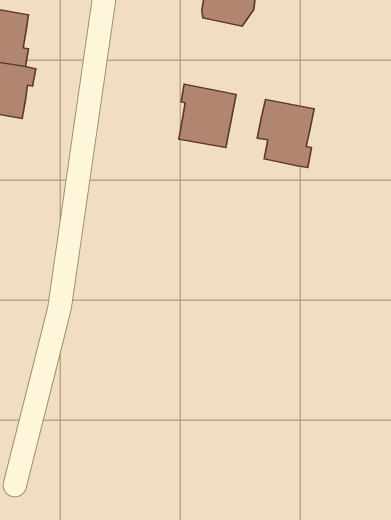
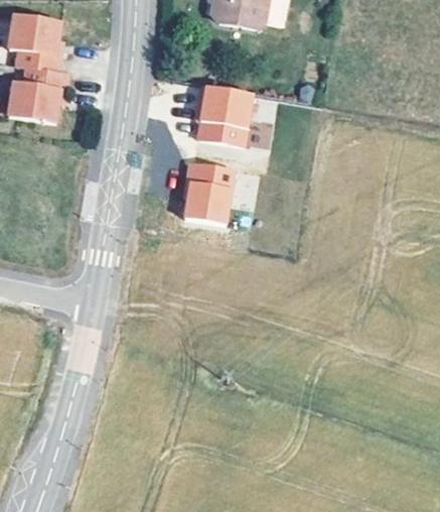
building: [257,99,314,167] -> none
building: none -> [184,161,236,225]

